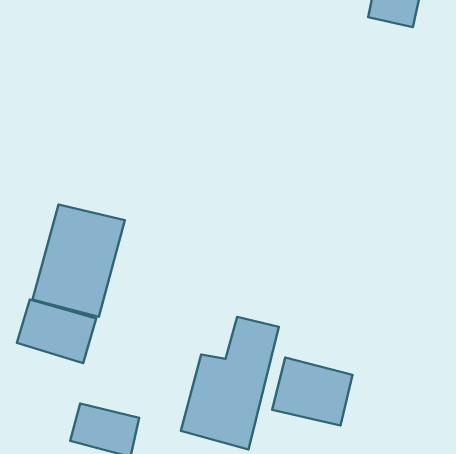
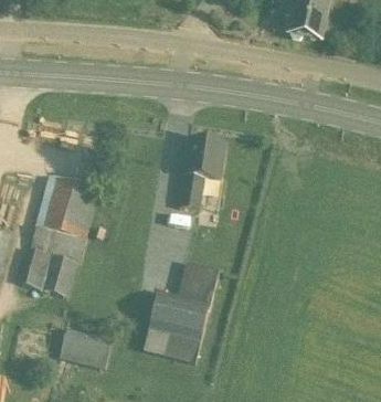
building: none -> [179,138,224,207]
building: [272,357,352,426] -> none

